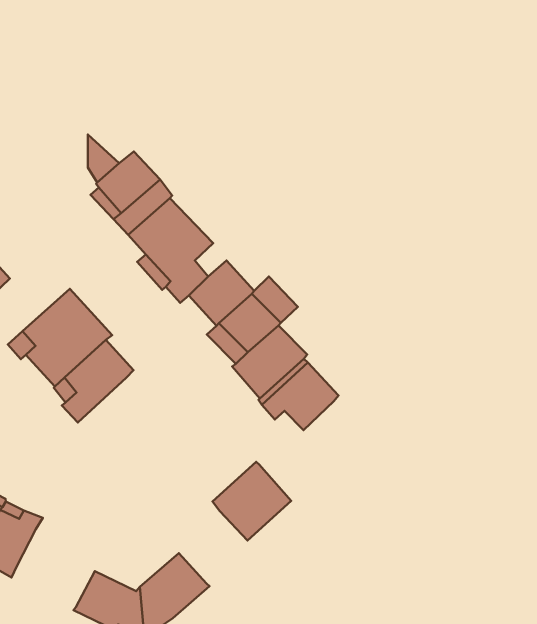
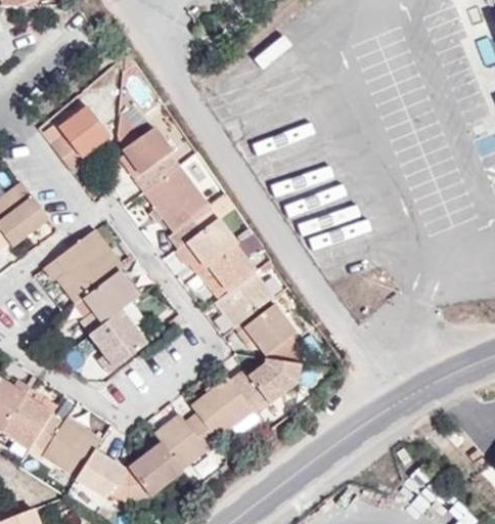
building: none -> [51,105,108,171]
building: none -> [89,302,146,373]
building: none -> [229,357,299,414]
building: none -> [152,412,219,468]
building: none -> [34,413,101,477]

